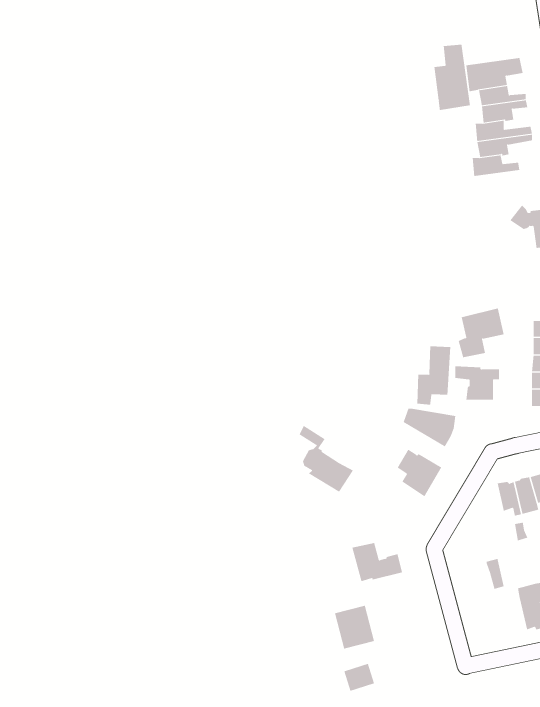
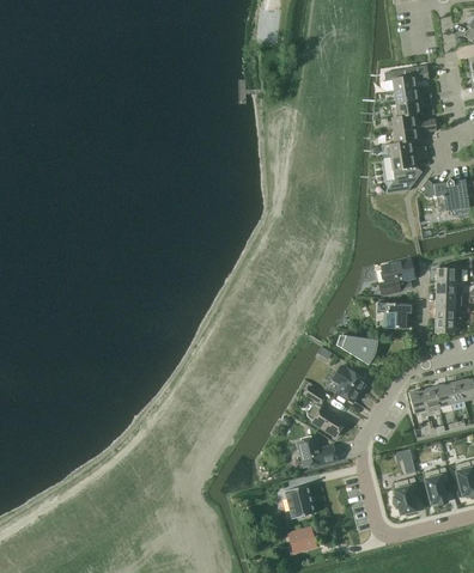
building: [434,44,471,111] -> none
building: none -> [385,152,427,193]
building: [417,346,451,405] -> none
building: [299,425,354,492] -> [304,385,346,437]
building: none -> [393,476,418,514]

